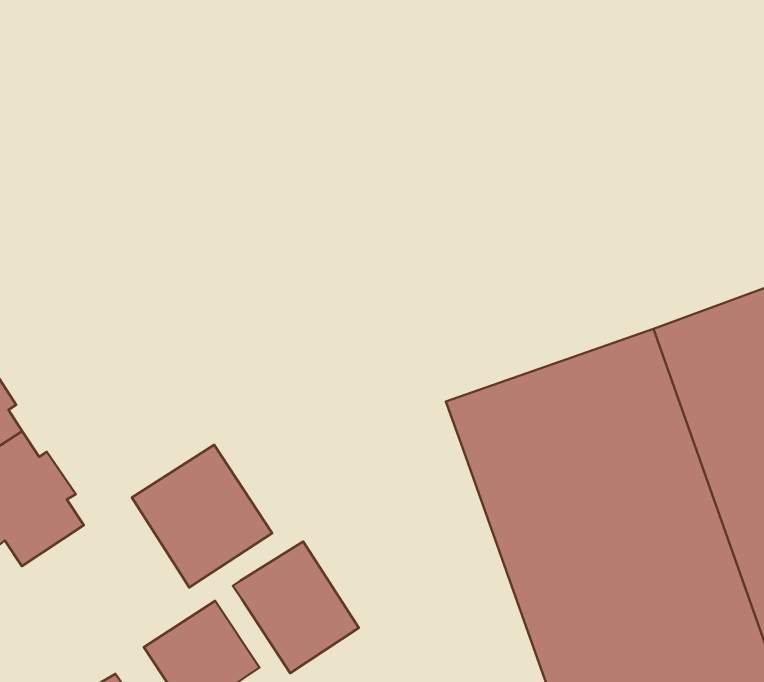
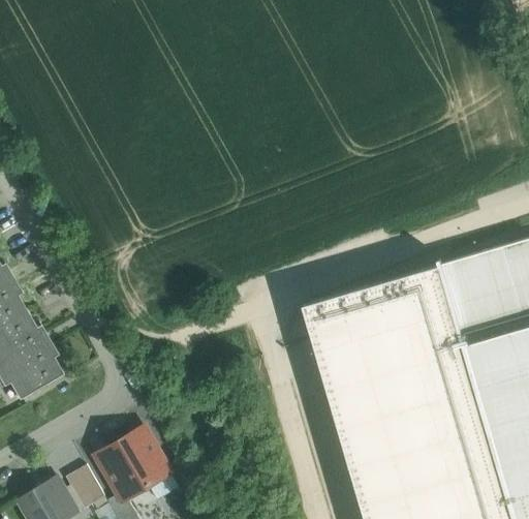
building: [132,445,272,588] -> none
building: [233,541,359,673] -> none

